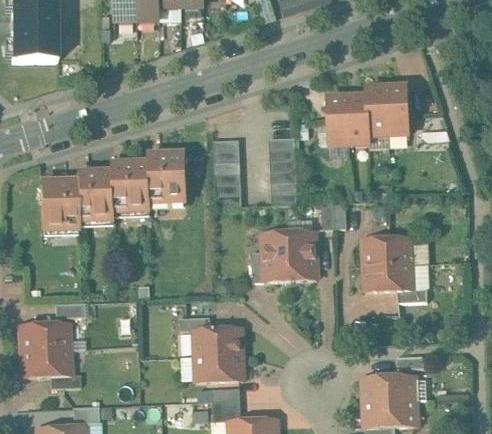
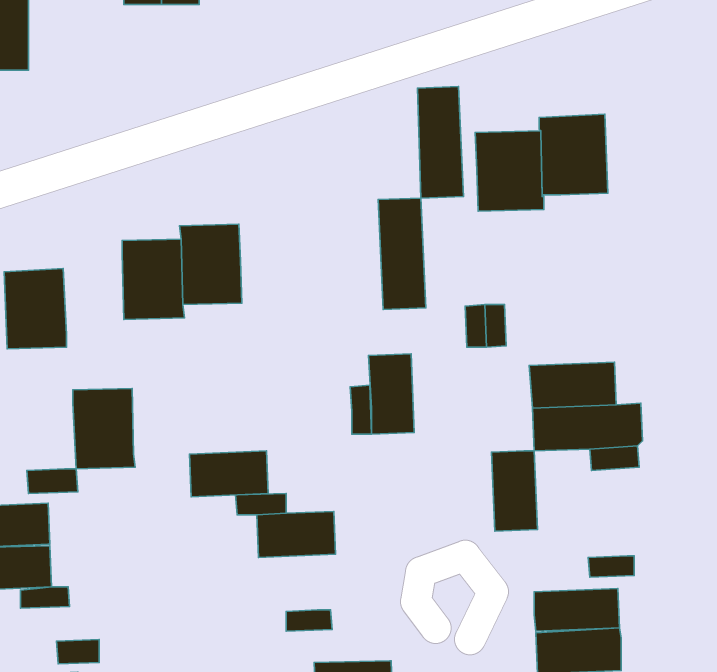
building: [213,138,241,206] -> [418,86,464,198]
building: [76,170,114,219] -> [73,388,135,469]
building: [288,230,316,279] -> [491,451,537,531]
building: [195,353,243,381] -> [189,451,268,497]
building: [212,399,241,420] -> none

